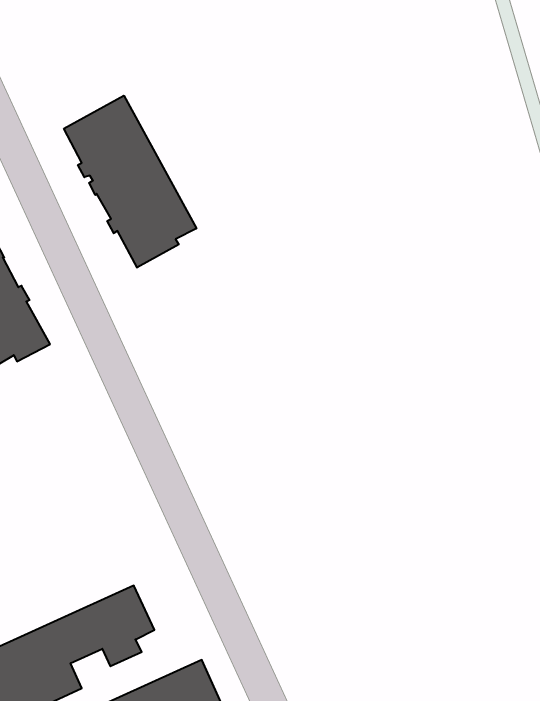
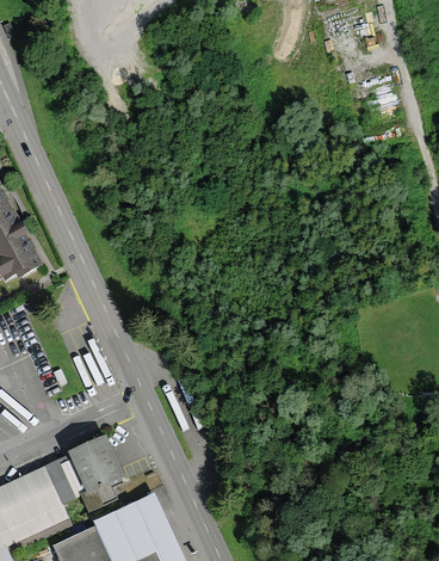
building: [64,96,196,268] -> none

